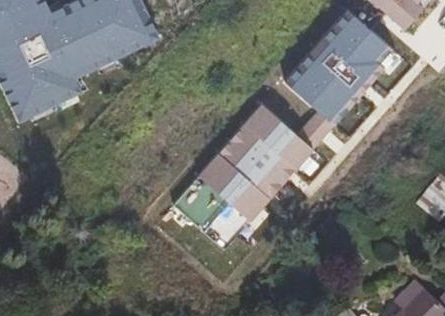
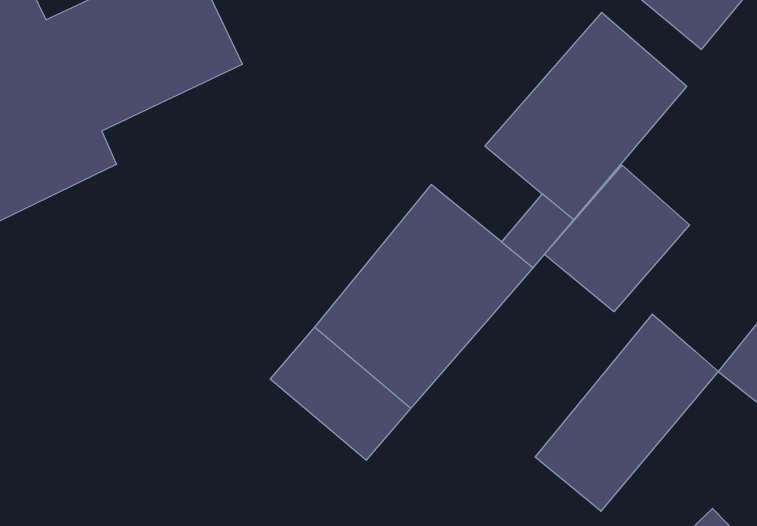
building: none -> [544,165,690,312]
building: none -> [535,314,718,511]

